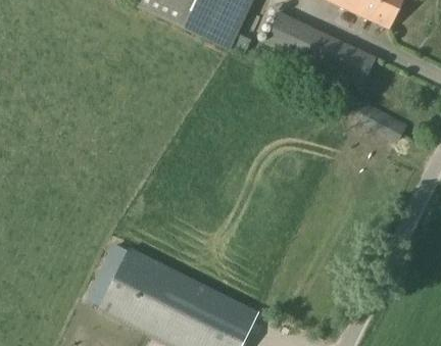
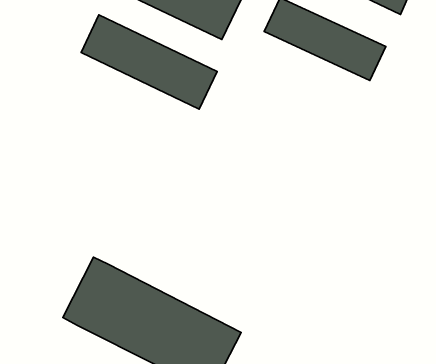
building: none -> [81,15,217,109]
building: [354,99,407,141] -> none

